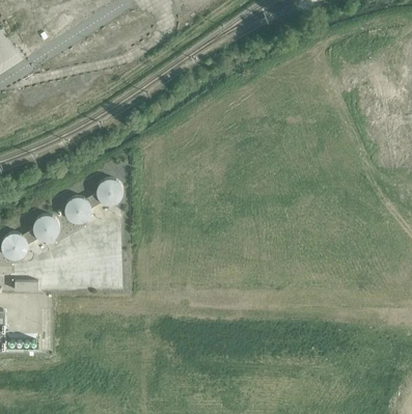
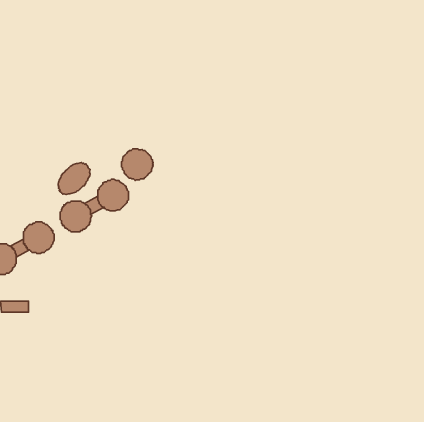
building: none -> [122,149,153,181]
building: none -> [58,163,90,195]

